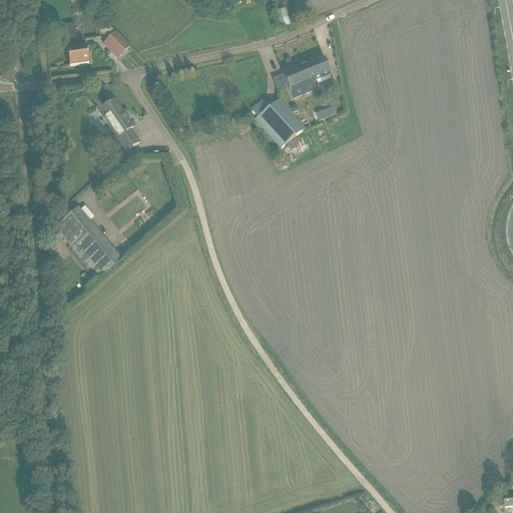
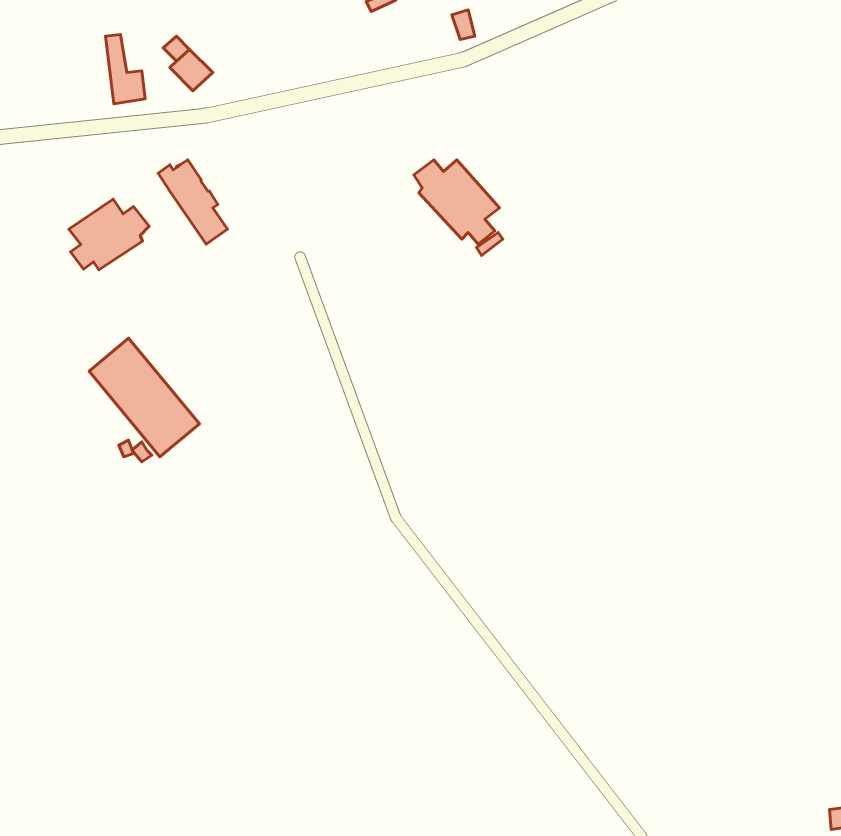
building: [284,54,332,95] -> none
building: none -> [69,199,149,270]

